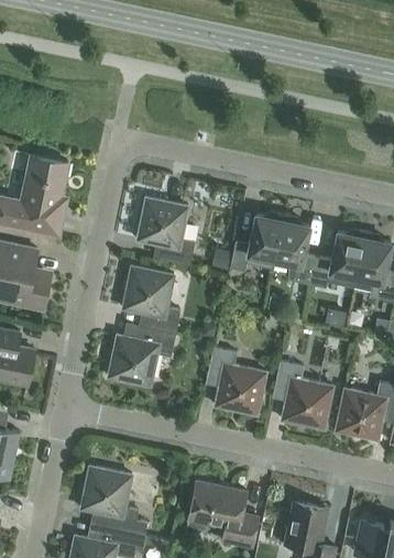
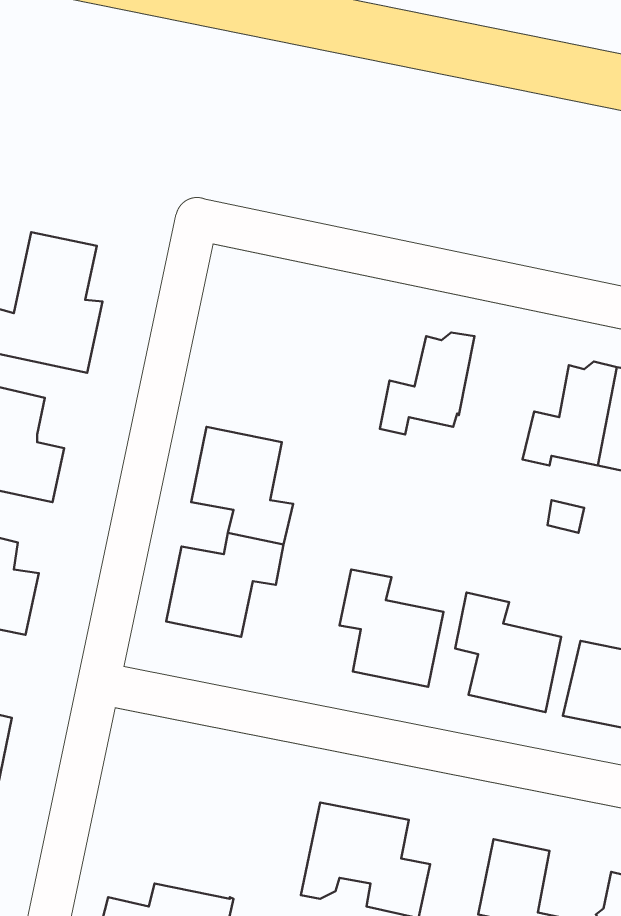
building: [136,197,195,265] -> none
building: [275,215,318,285] -> none
building: [80,466,147,536] -> none

